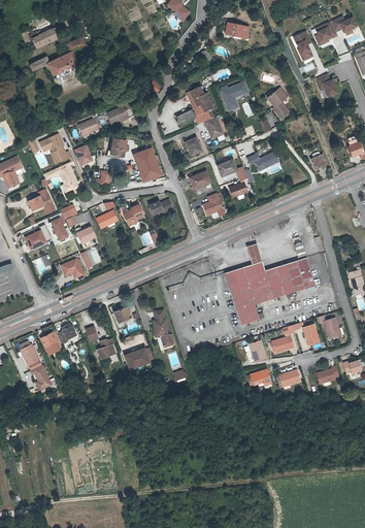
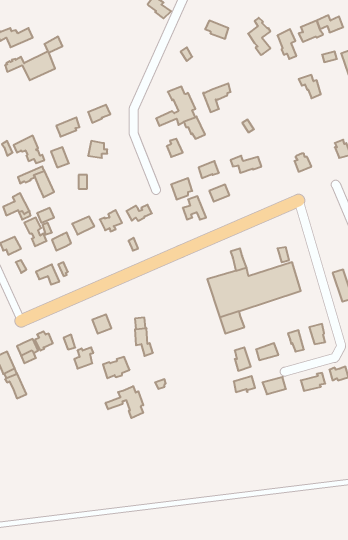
building: [268,81,290,118] -> [248,18,270,55]
building: [133,147,162,184] -> none
building: none -> [106,386,143,418]

